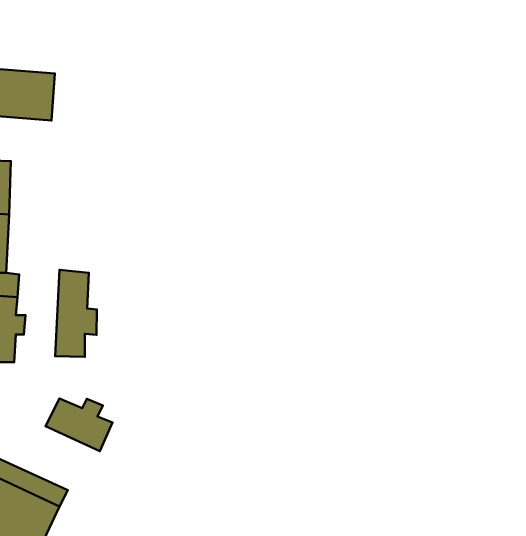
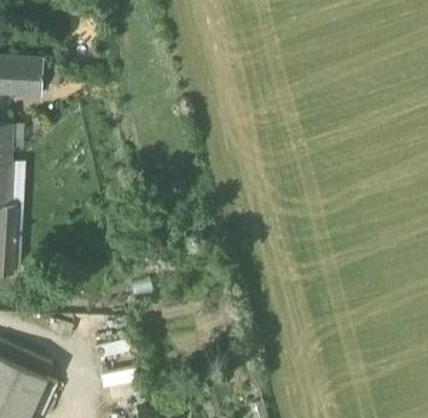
building: [55,270,97,357] -> none
building: [45,398,112,451] -> none

